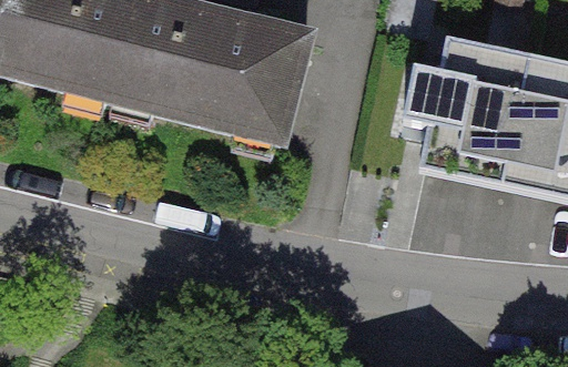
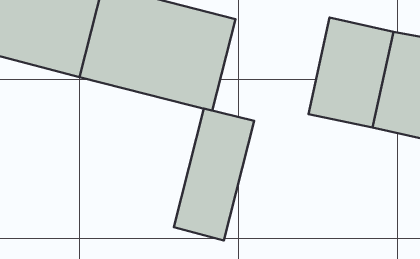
building: none -> [174,109,254,240]

